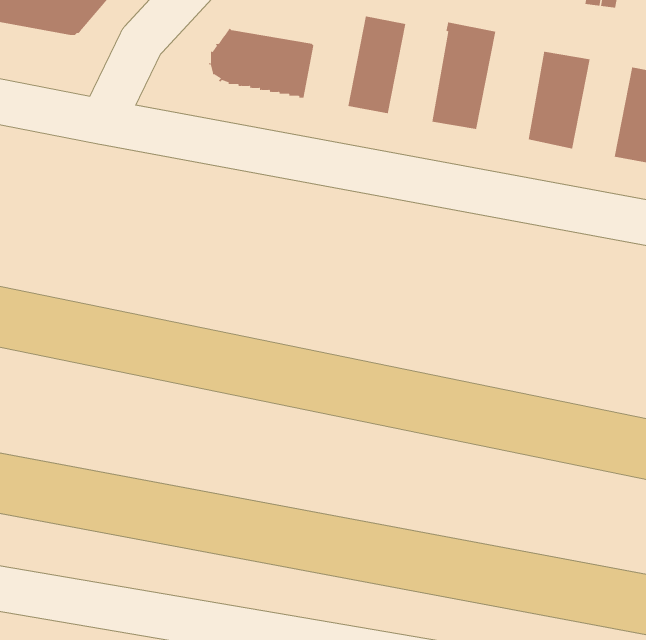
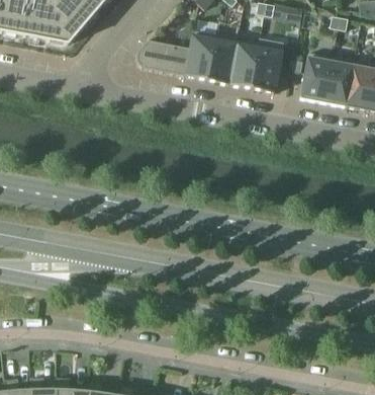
building: none -> [185,29,216,80]
building: none -> [228,37,259,88]
building: none -> [323,56,354,106]

